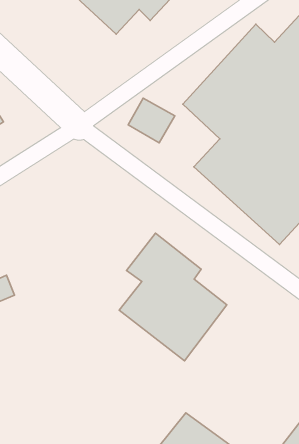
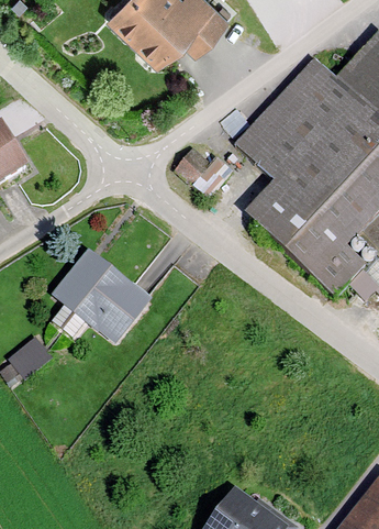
building: none -> [51,250,151,344]
building: [119,233,227,361] -> none

